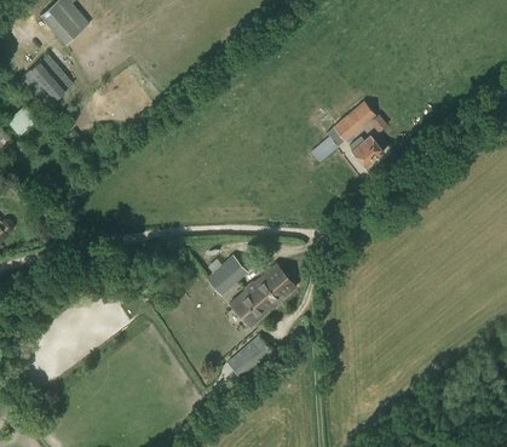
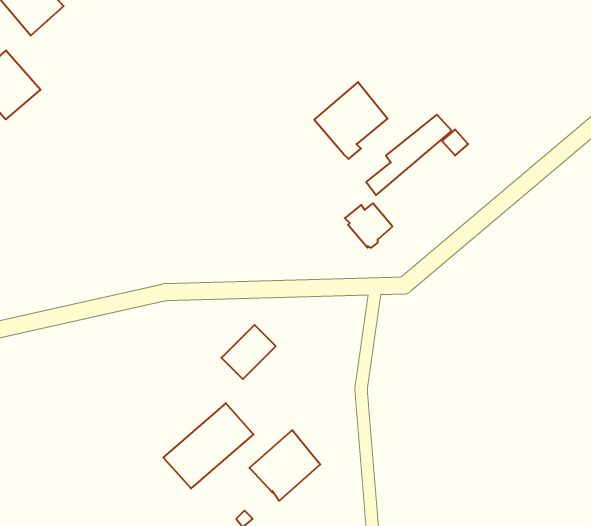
building: none -> [314,82,388,159]
building: [348,136,384,168] -> [345,203,392,248]
building: [229,265,295,328] -> [163,403,254,489]

